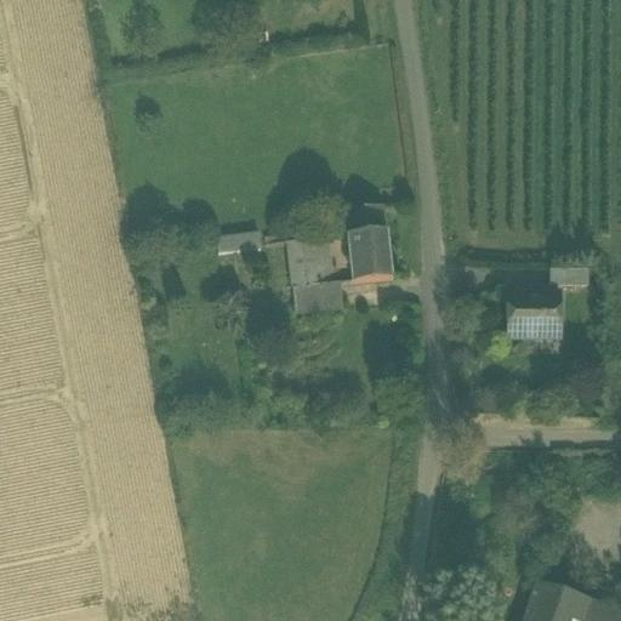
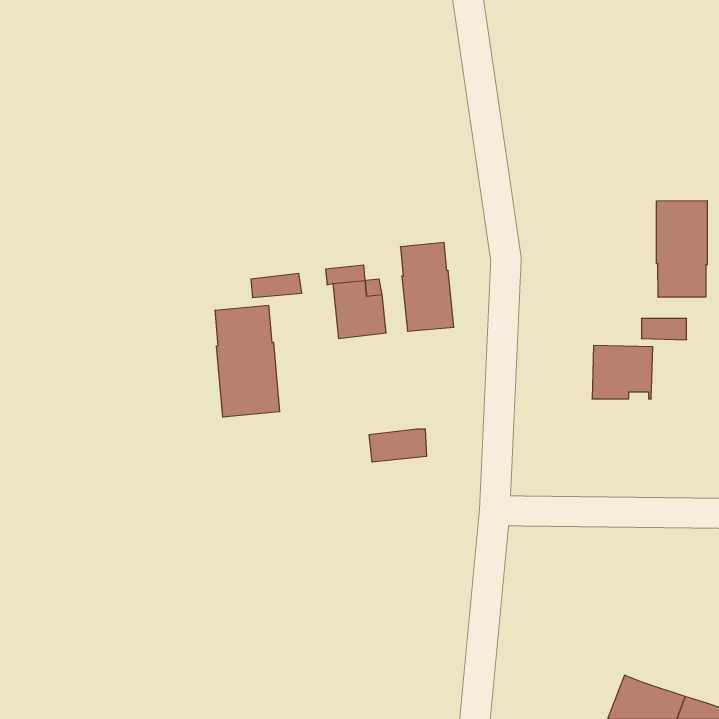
building: none -> [656,201,707,297]
building: none -> [215,305,279,417]
building: [292,286,342,314] -> [369,429,427,462]

